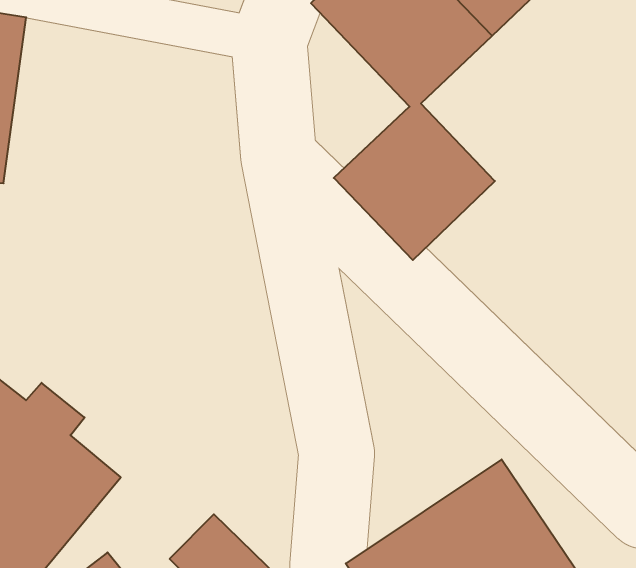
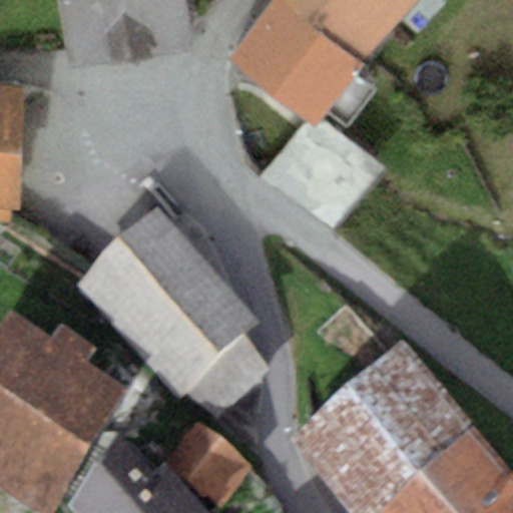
building: none -> [82,218,255,397]

